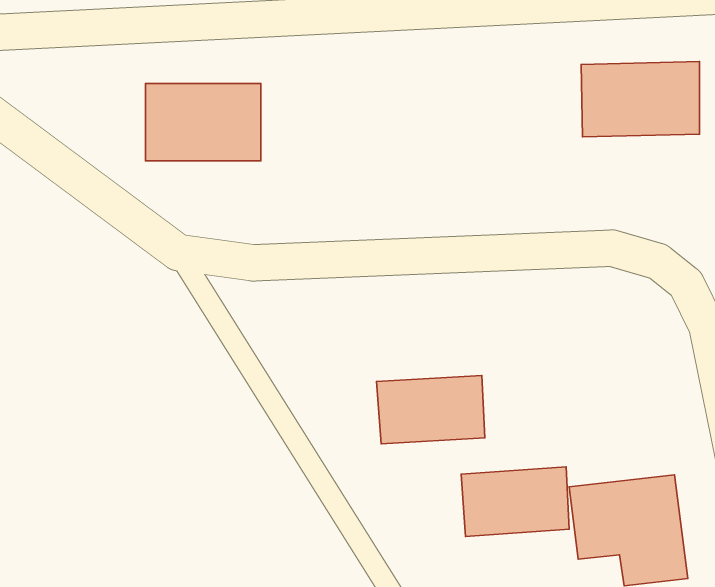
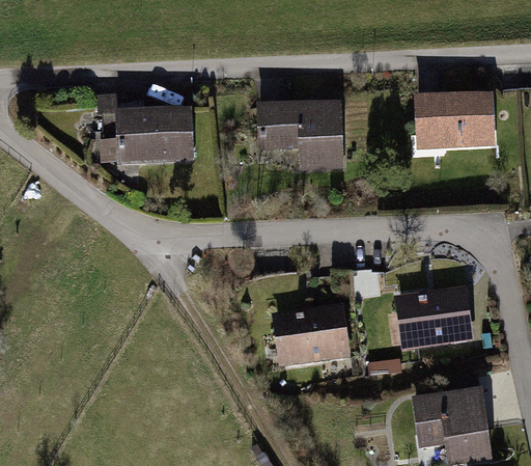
building: none -> [255,102,342,166]
building: [461,467,569,537] -> [396,296,472,345]

